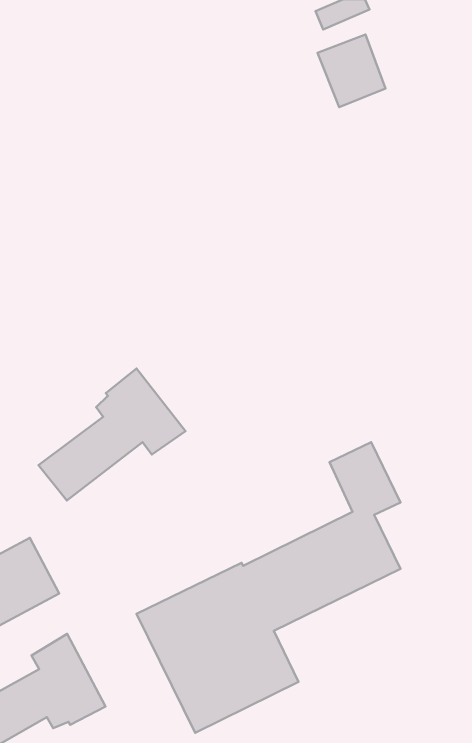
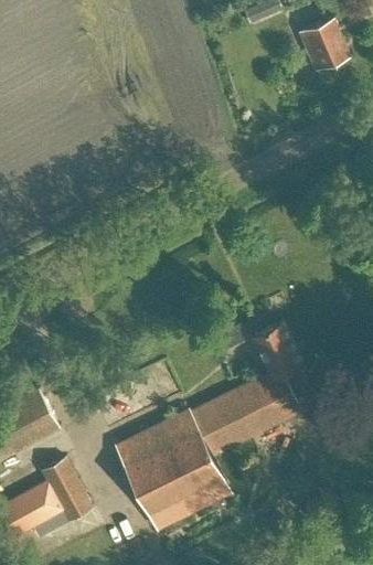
building: [318,34,385,107] -> [300,20,349,72]
building: [39,369,186,501] -> none

